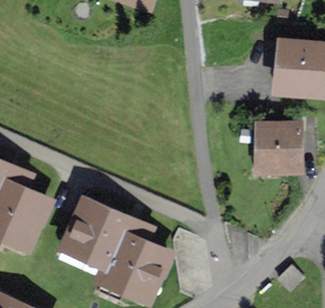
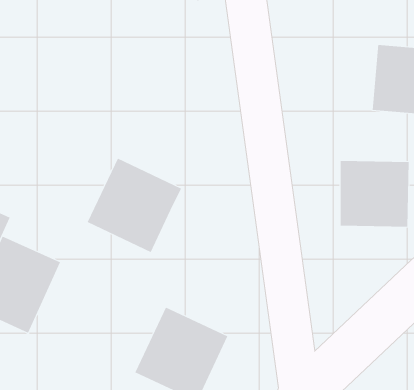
building: [66,198,134,266] -> [87,158,182,253]

